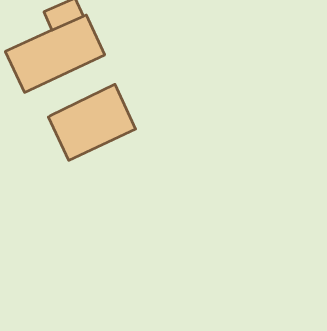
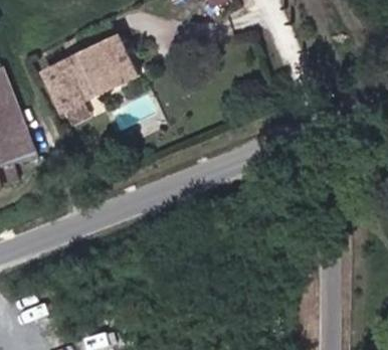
building: [48,84,136,160] -> none

